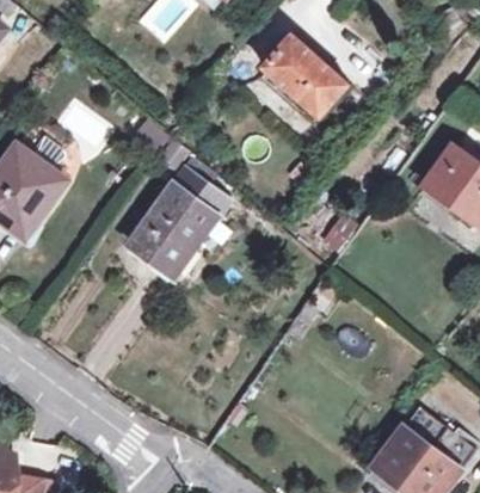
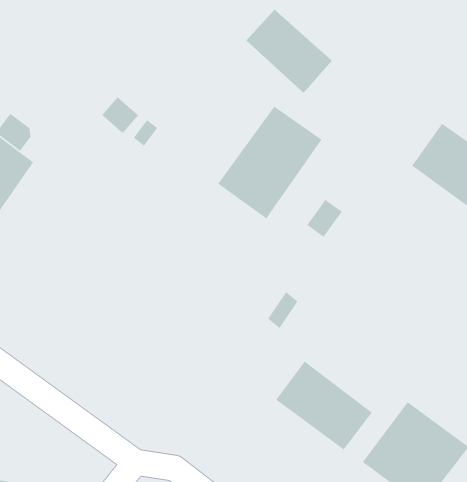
building: [129,168,228,276] -> [217,105,322,219]
building: none -> [275,360,373,451]

